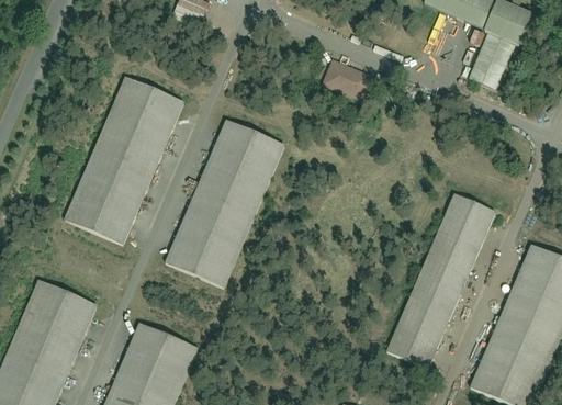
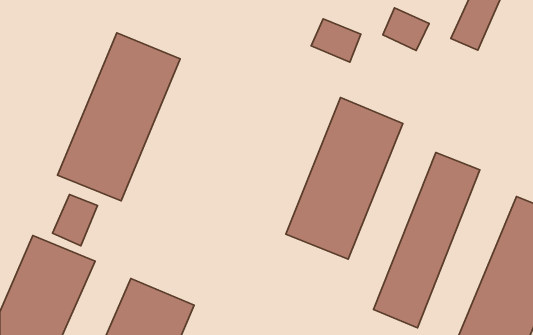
building: none -> [383,8,429,51]
building: [169,121,289,285] -> [286,98,403,259]
building: none -> [53,194,98,246]

